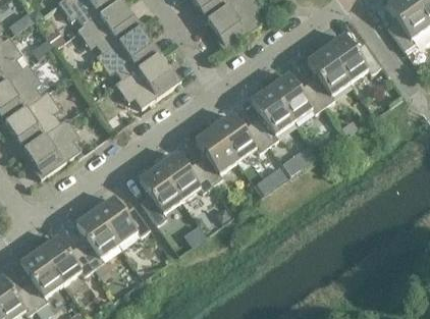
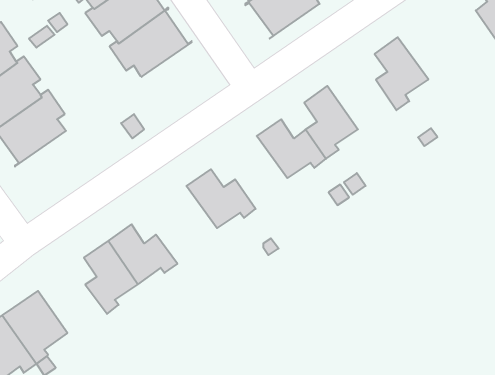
building: [325,34,380,81] -> none
building: [115,51,181,106] -> none
building: [269,72,324,120] -> none
building: [20,116,80,177] -> none
building: [195,125,237,183] -> none
building: [139,165,181,223] -> none
building: [39,235,94,282] -> none

